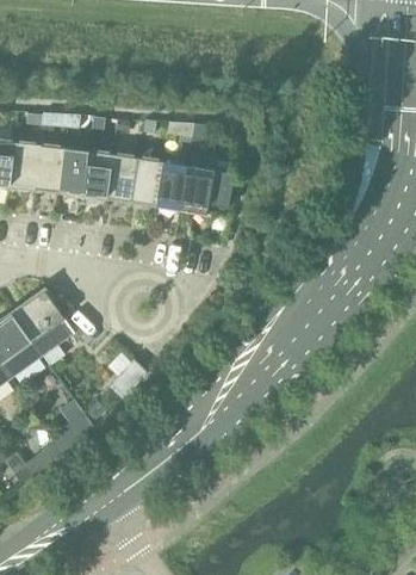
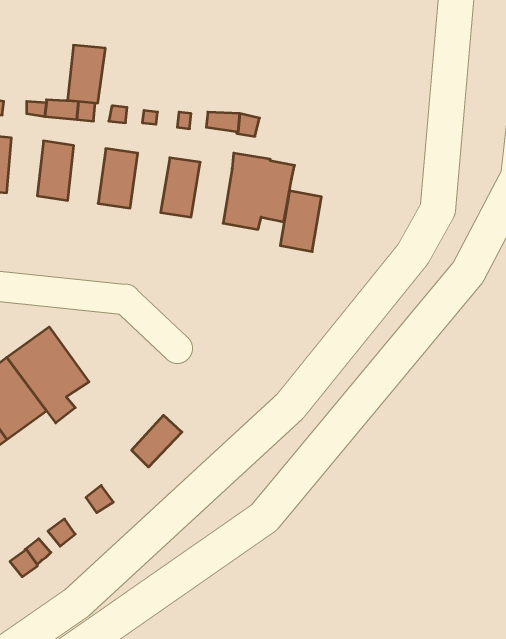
building: [10,143,38,188] -> none
building: [57,149,87,194] -> [67,45,105,103]
building: [106,155,137,202] -> none
building: [154,162,186,210] -> [280,191,321,252]

